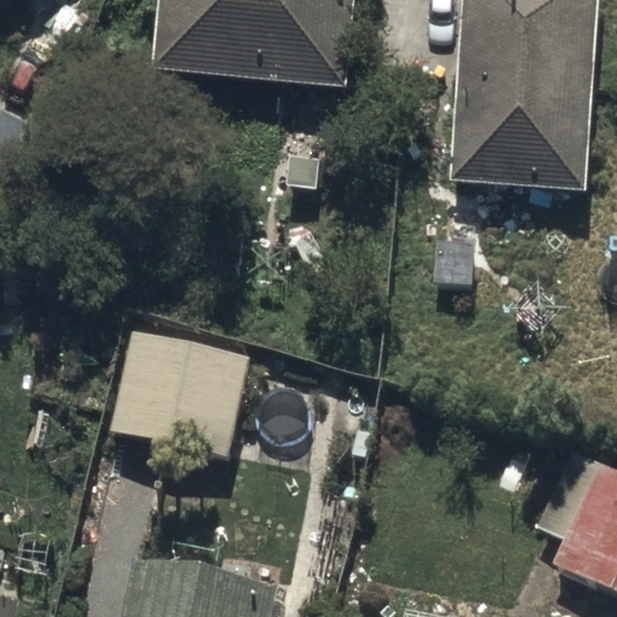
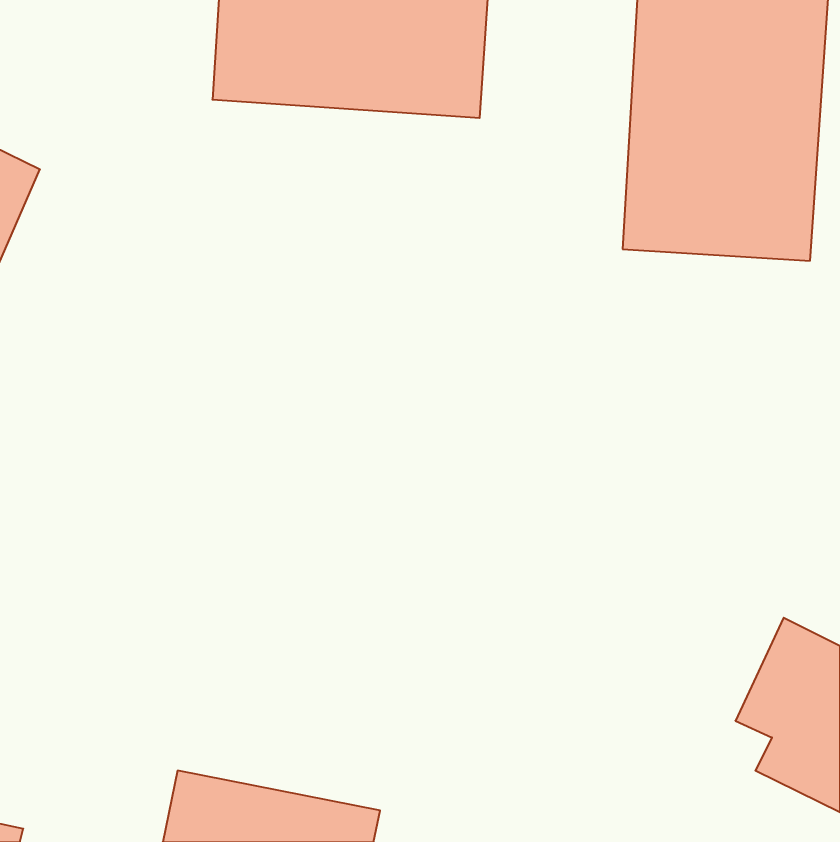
building: [107,331,248,452] -> none

